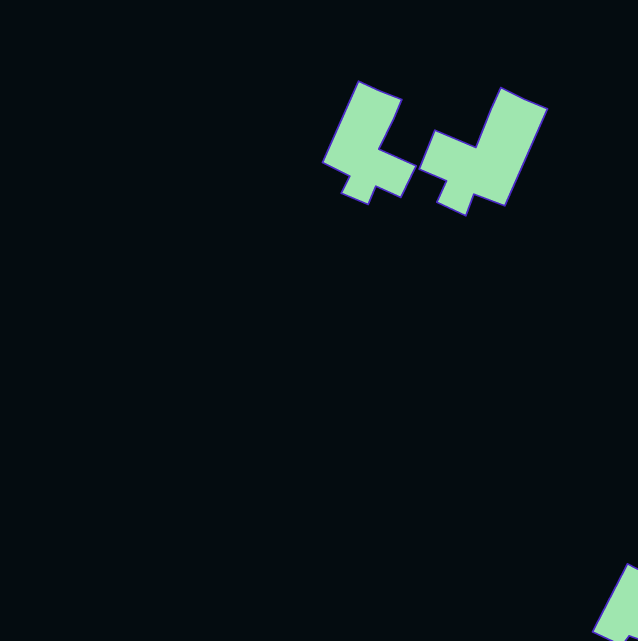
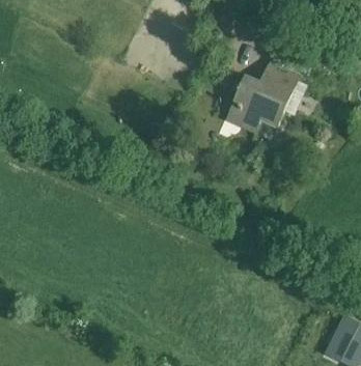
building: [323,81,416,204] -> none

